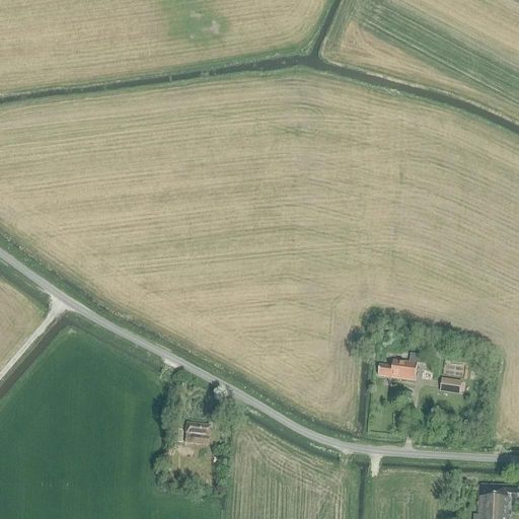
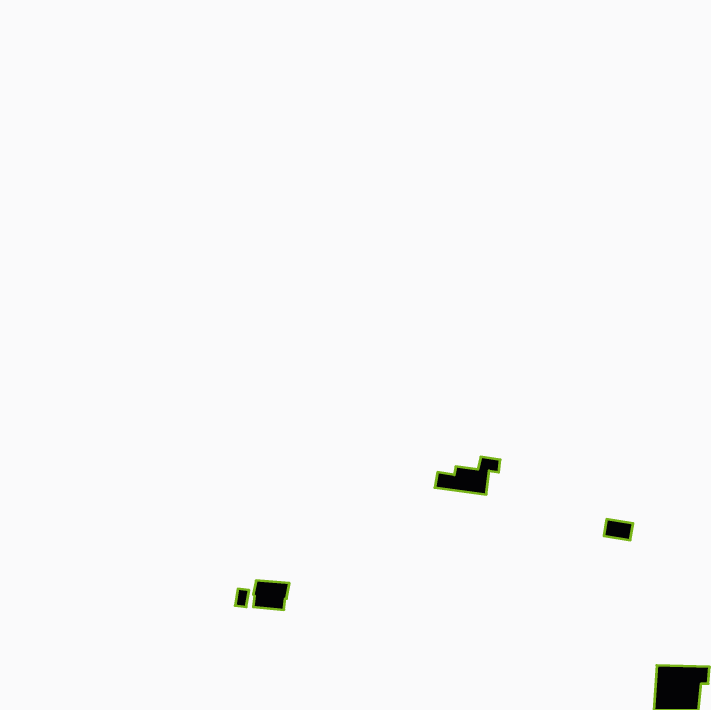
building: [377,353,425,380] -> [435,457,500,494]

